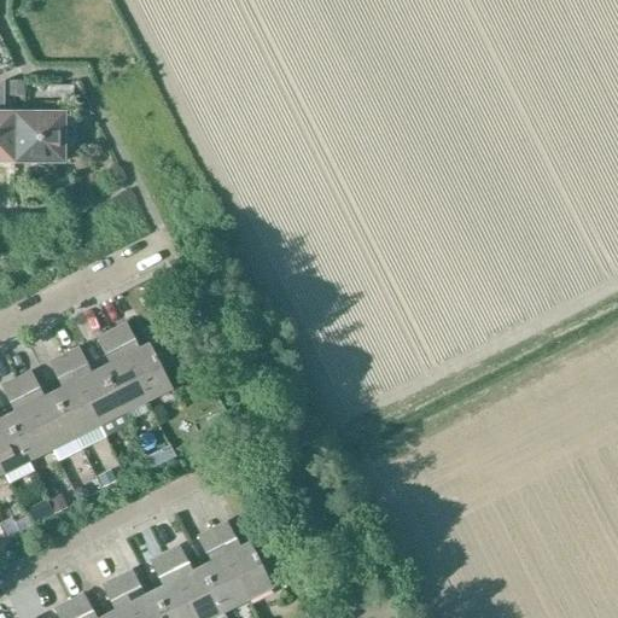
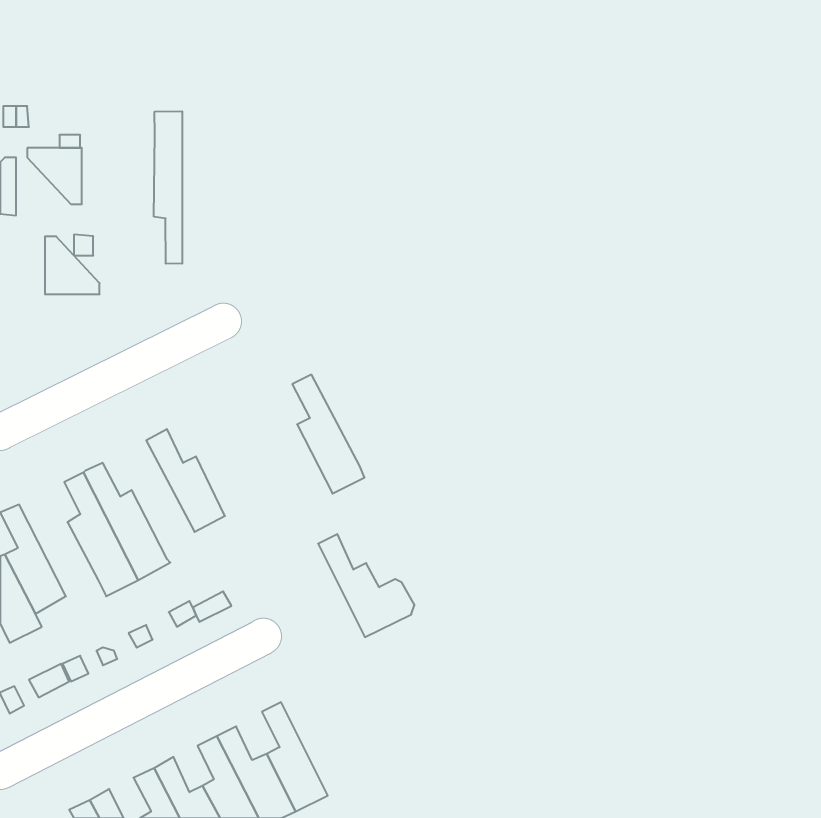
building: none -> [154,111,182,264]
building: [12,118,53,162] -> [45,236,100,294]
building: [95,331,150,420] -> [292,375,365,494]
building: [14,371,80,460] -> none
building: [211,520,284,597] -> [318,534,415,637]

